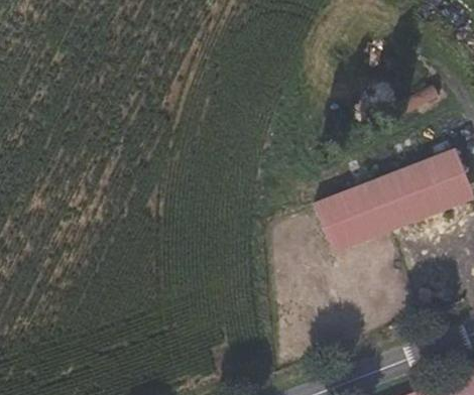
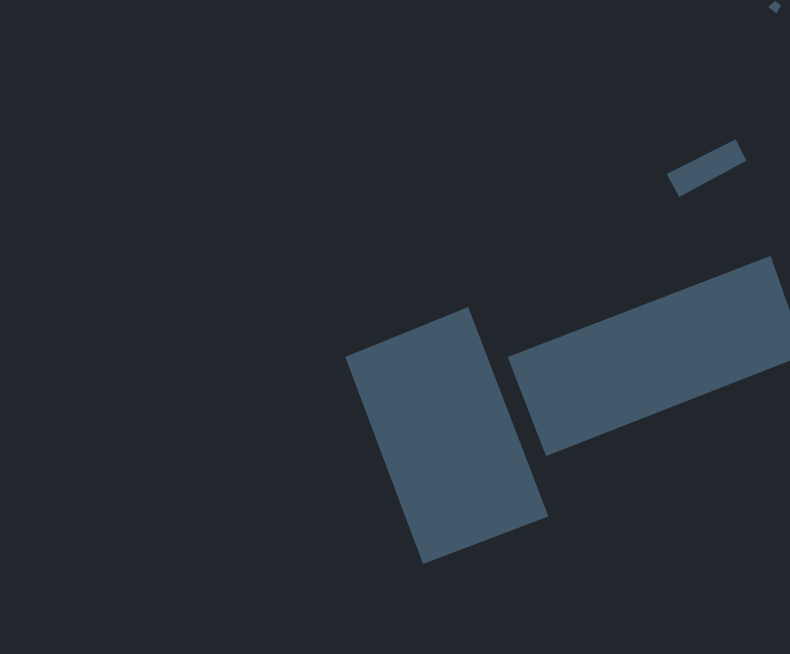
building: none -> [345,306,549,565]

